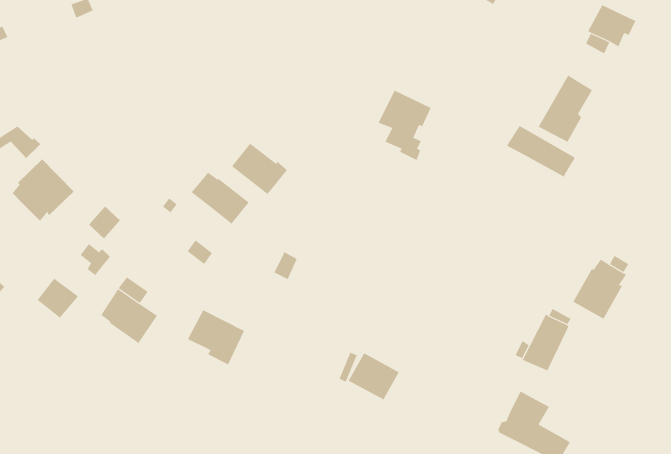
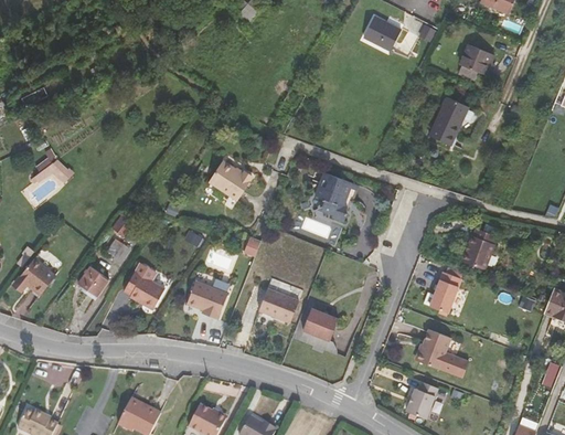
building: [378,90,432,161] -> [312,172,350,222]
building: [506,125,575,177] -> none
building: [12,158,74,222] -> none
building: [191,172,250,224] -> none
building: none -> [259,289,299,325]

